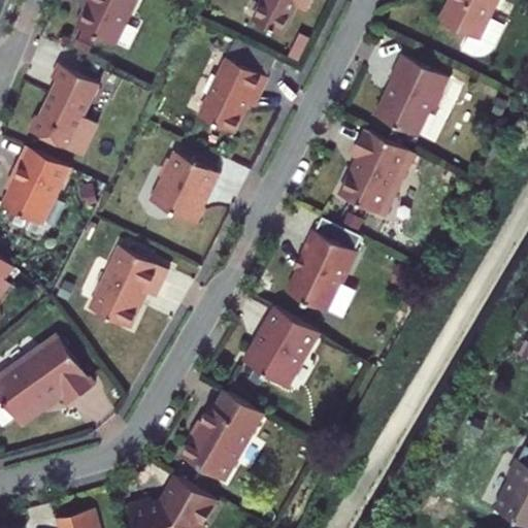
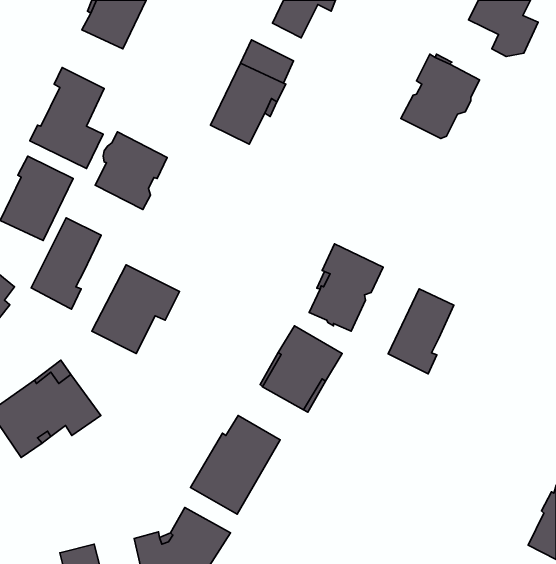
building: [335,127,411,213] -> none
building: [152,152,219,224] -> [95,132,167,209]
building: none -> [31,218,101,309]
building: none -> [388,289,454,374]

